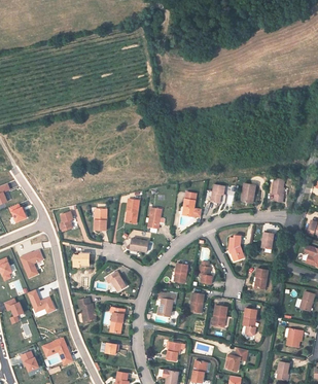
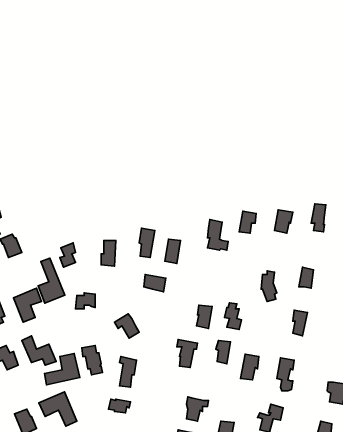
building: none -> [38,258,65,303]
building: none -> [44,353,80,385]

